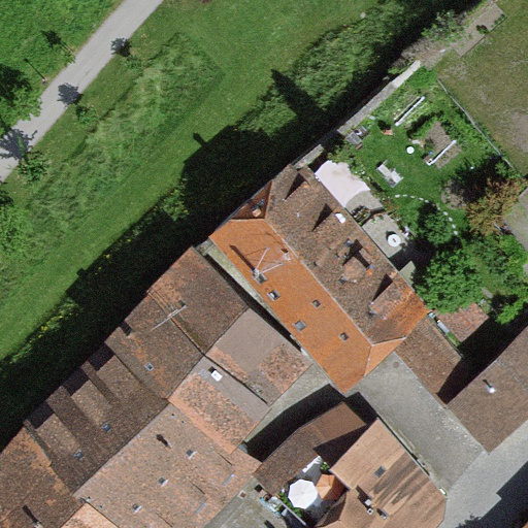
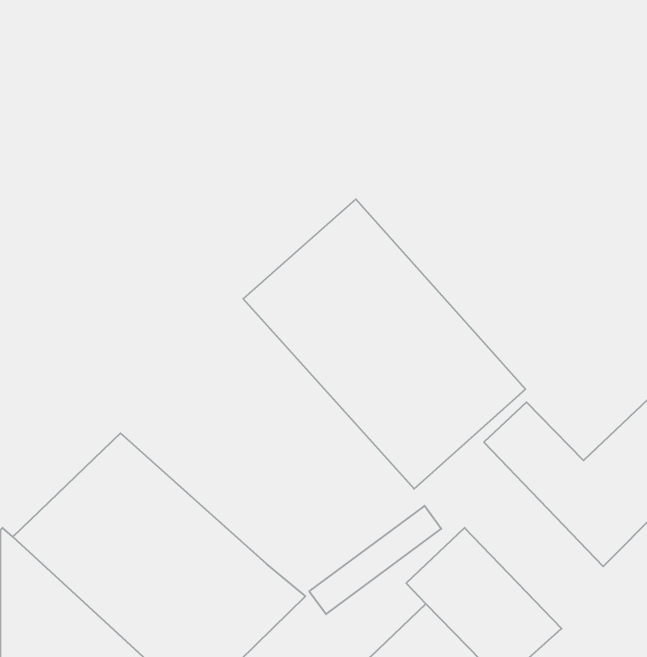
building: [100,245,307,453] -> none

